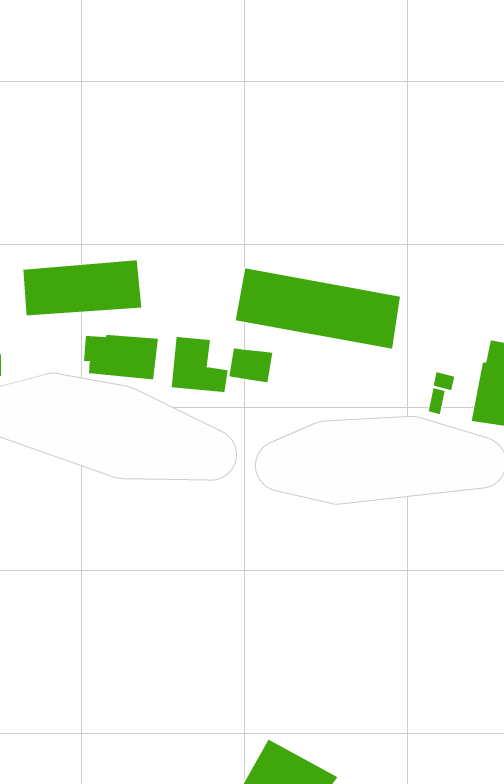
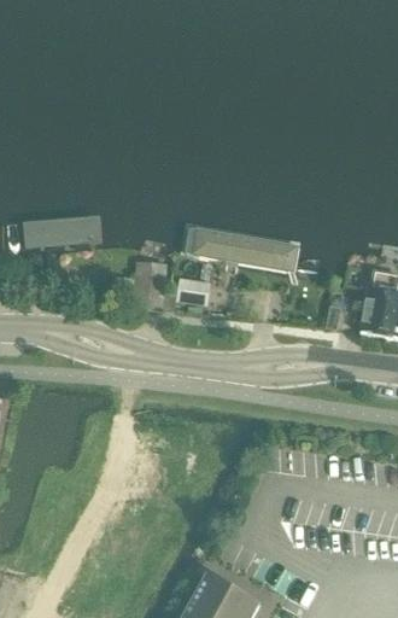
building: [83,334,159,380] -> none

